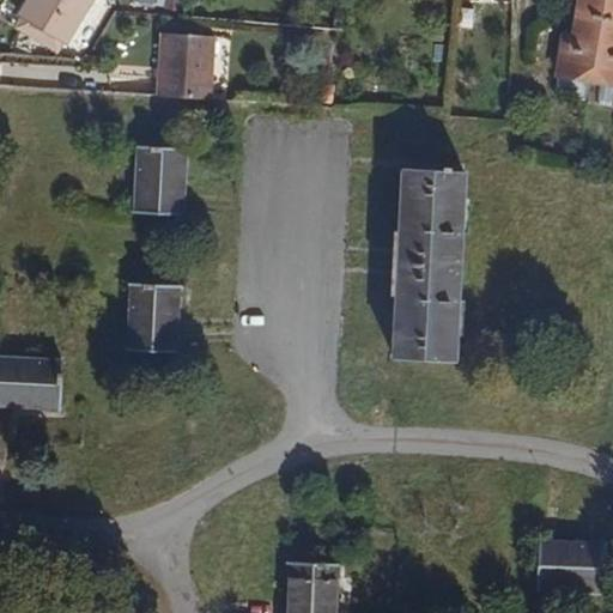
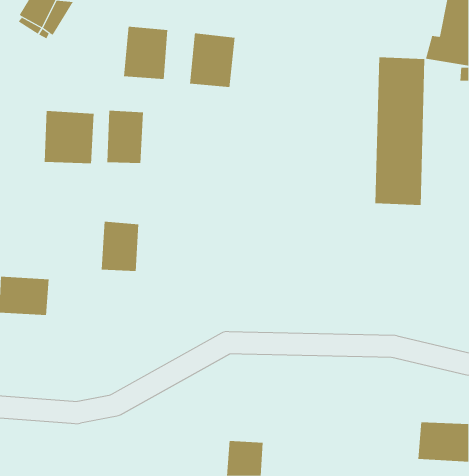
building: none -> [190,33,235,88]
building: none -> [44,110,94,164]
building: [396,170,461,360] -> [375,57,425,205]

